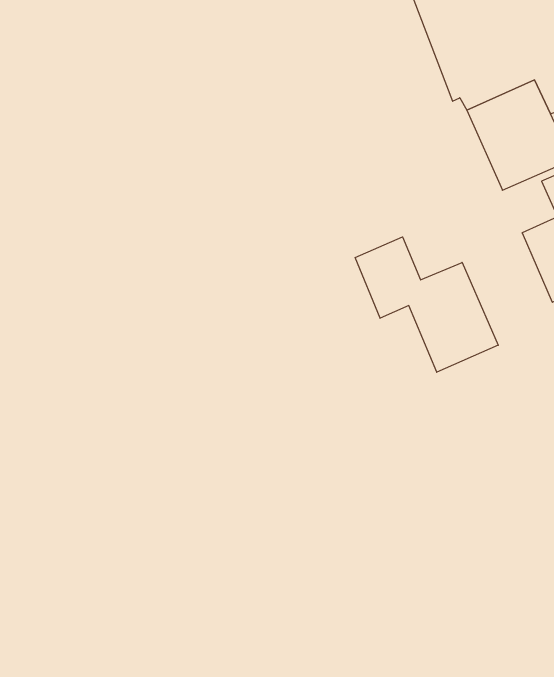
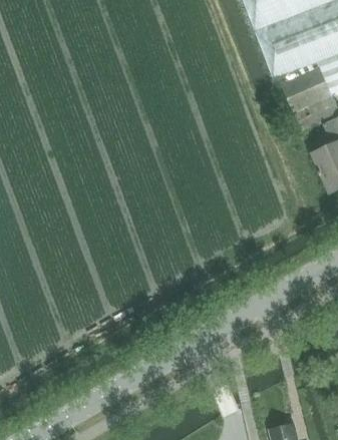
building: [355,237,498,372] -> none

